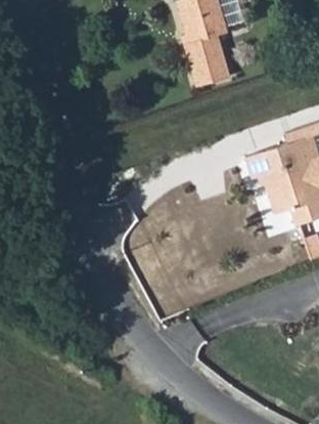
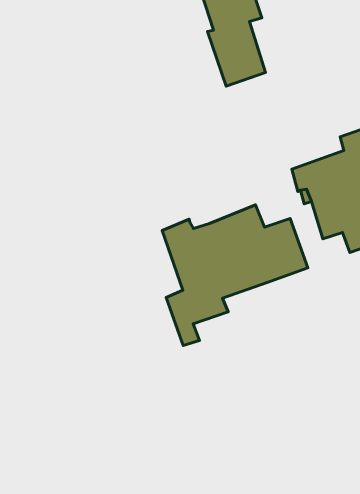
building: none -> [162,205,308,346]

